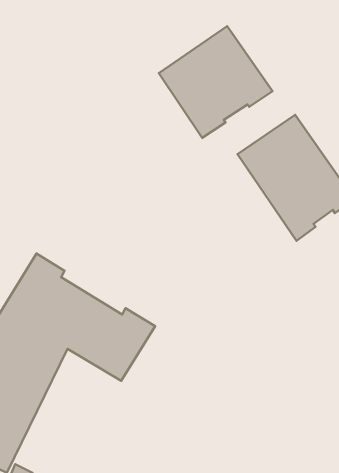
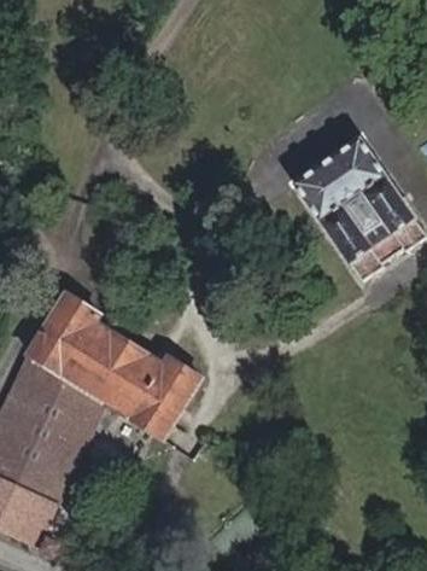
building: [159,26,273,138] -> none

